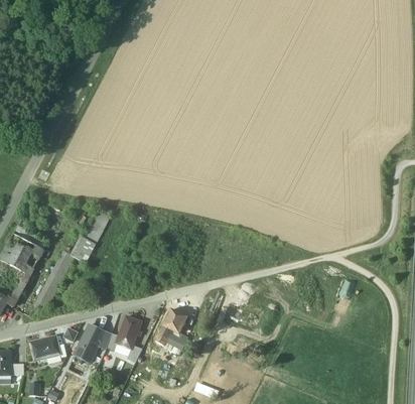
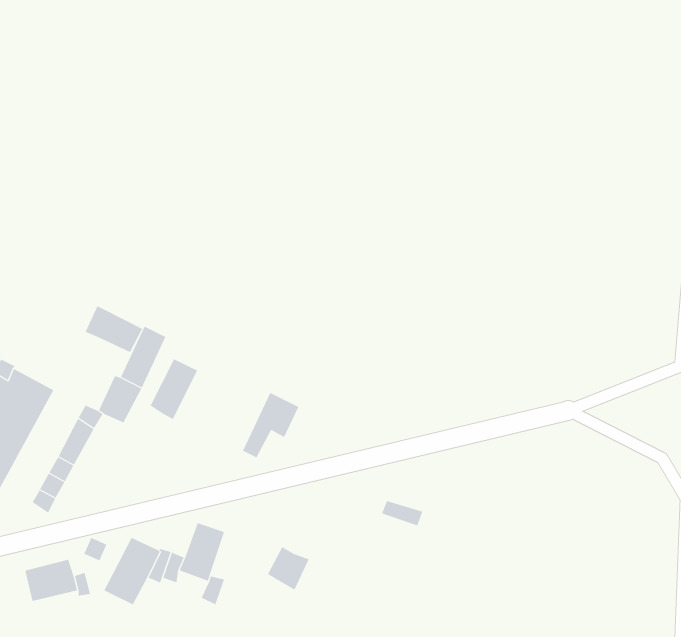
building: none -> [85,305,143,353]
building: none -> [150,358,198,420]
building: [156,308,187,345] -> [242,392,299,458]

